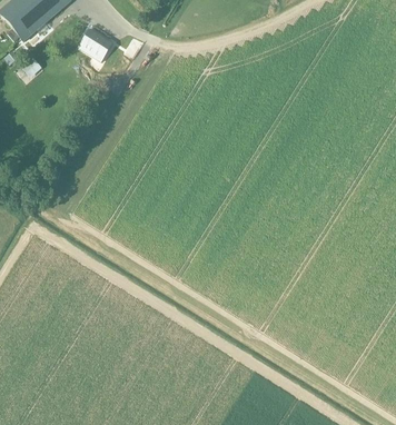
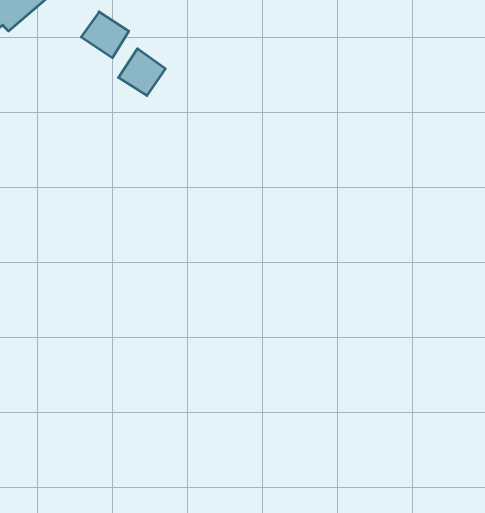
building: none -> [118,49,165,96]

